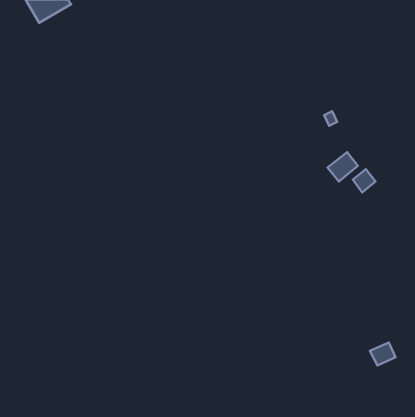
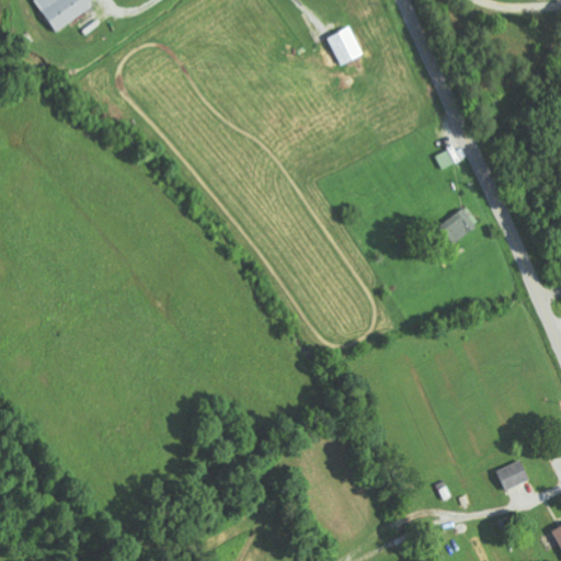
building: none -> [328,26,363,65]
building: [353,169,376,192] -> none

